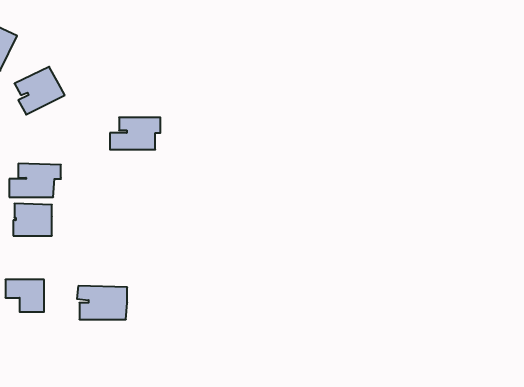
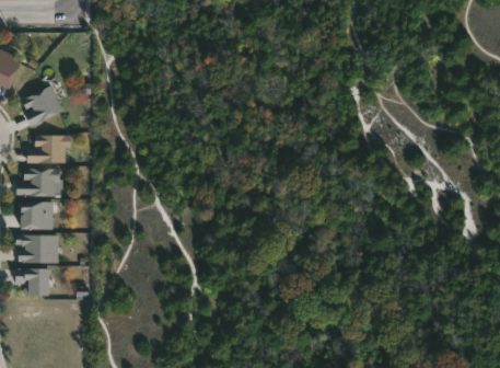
building: [110,117,160,150] -> [27,136,70,163]
building: [77,286,127,319] -> [13,233,56,262]

